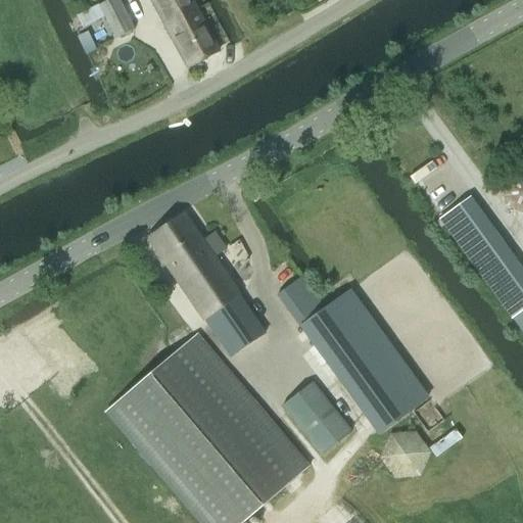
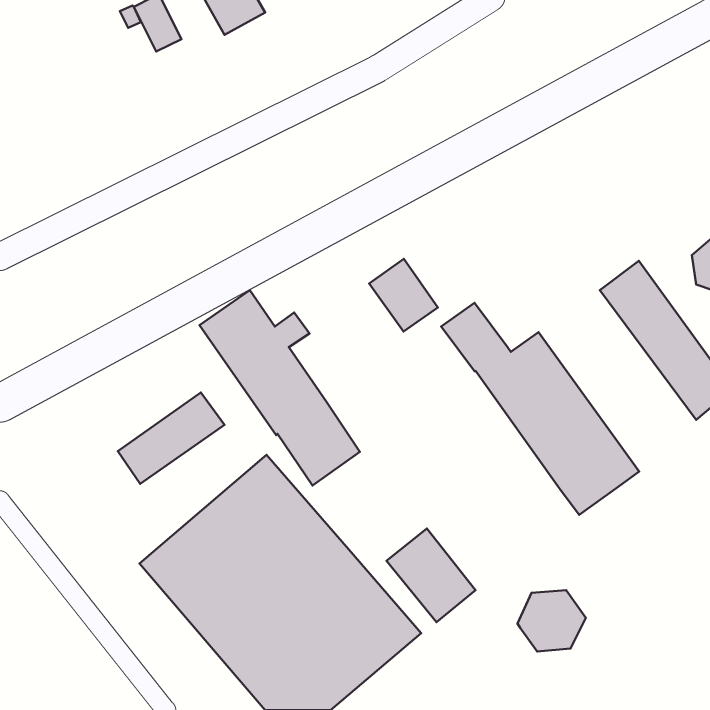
building: [167,9,219,67] -> none
building: none -> [369,259,438,331]
building: [278,276,423,431] -> [441,303,639,515]
building: none -> [118,392,225,484]

